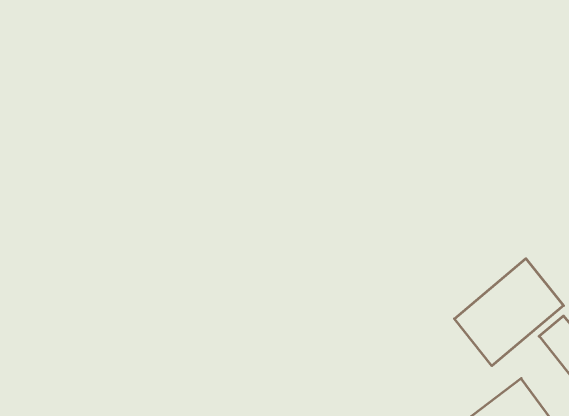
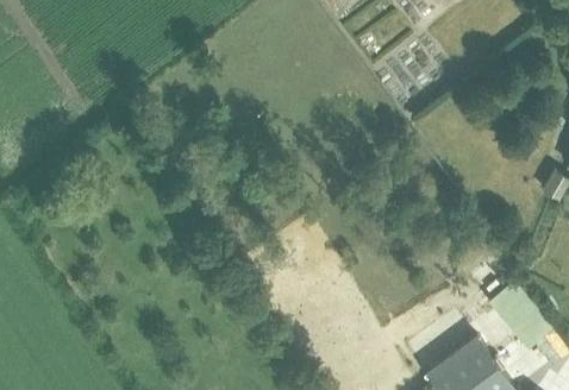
building: [454,259,564,366] -> none

